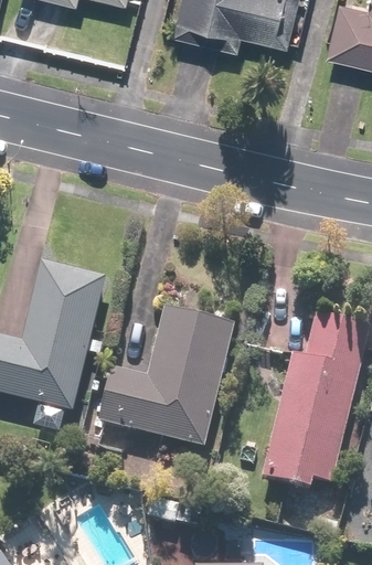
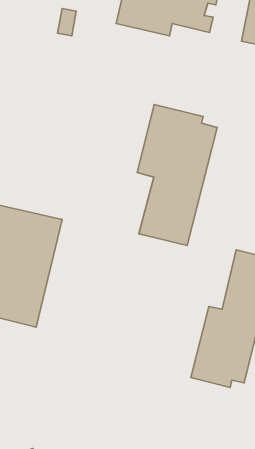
building: none -> [137,104,217,246]
building: [103,305,234,447] -> none

